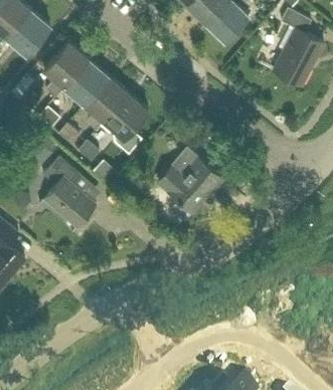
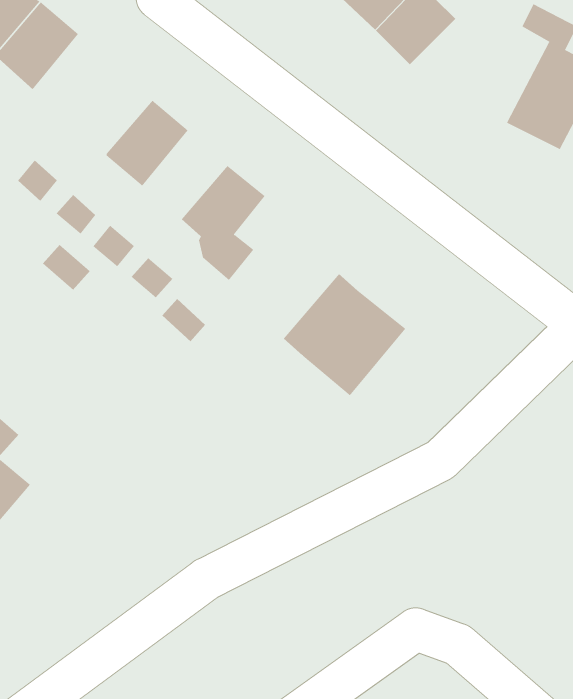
building: [43,40,88,95] -> none
building: [82,73,127,129] -> none
building: [42,156,96,226] -> none

